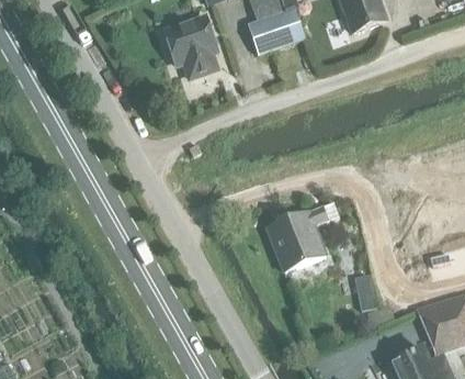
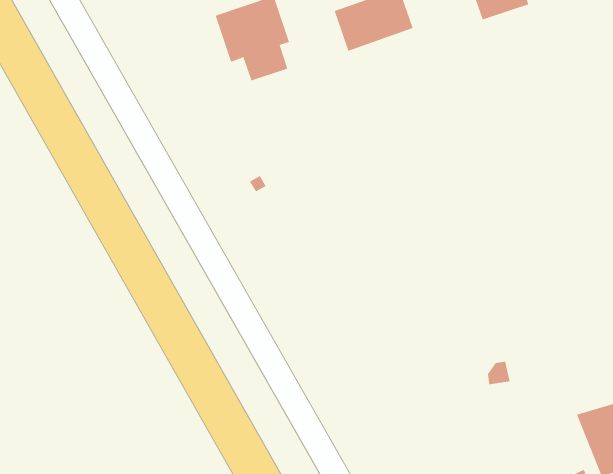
building: [266,202,338,271] -> none

